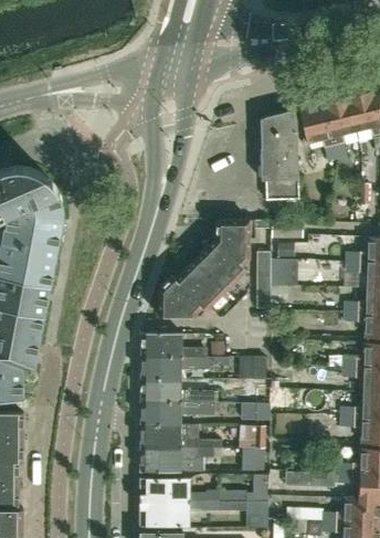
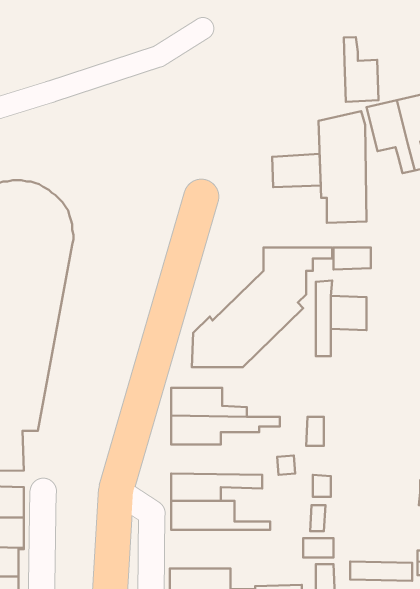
building: none -> [344,37,379,102]
building: none -> [272,154,321,187]
building: [141,379,214,403] -> none
building: [141,447,211,471] -> none

